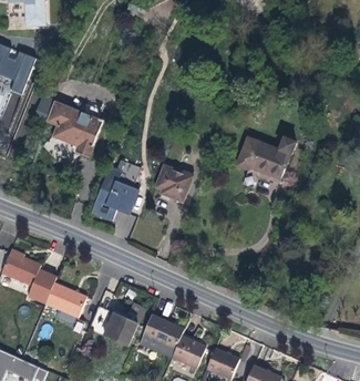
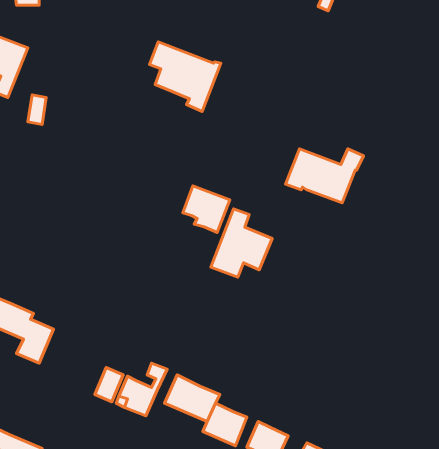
building: [49,102,104,156] -> [150,42,221,112]
building: [93,166,141,219] -> [211,209,272,277]
building: [44,282,86,323] -> none

